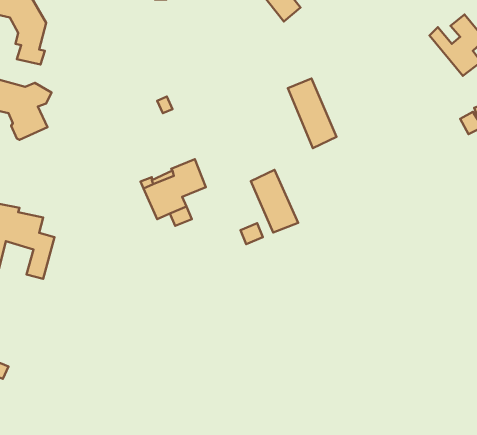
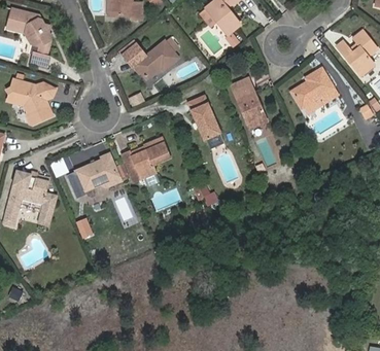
building: none -> [127,40,178,78]
building: none -> [290,67,337,107]
building: [251,170,298,233] -> [186,94,221,140]
building: none -> [75,152,120,190]

